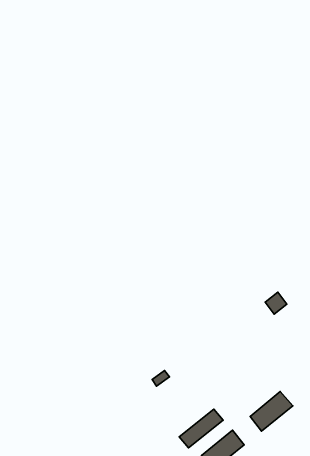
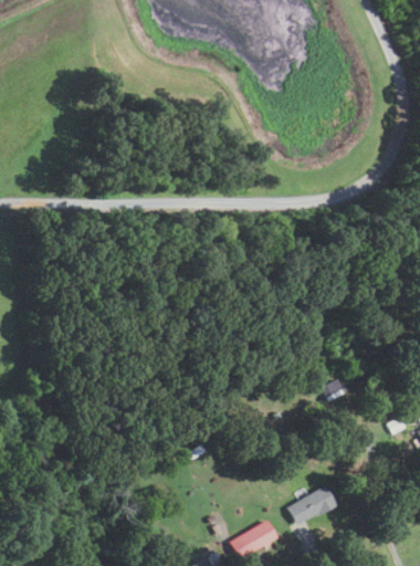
building: [179,409,223,448] -> none

